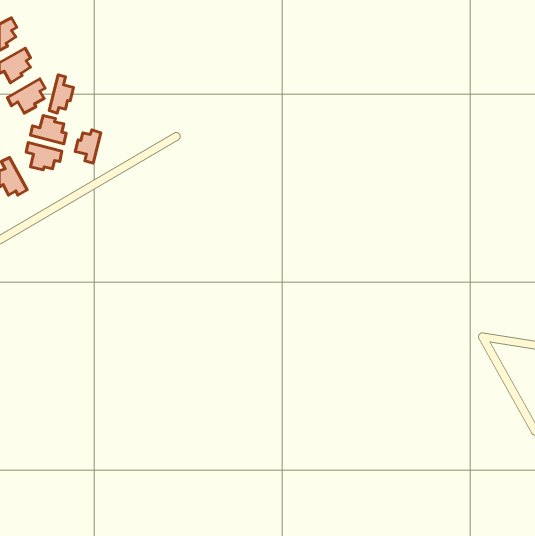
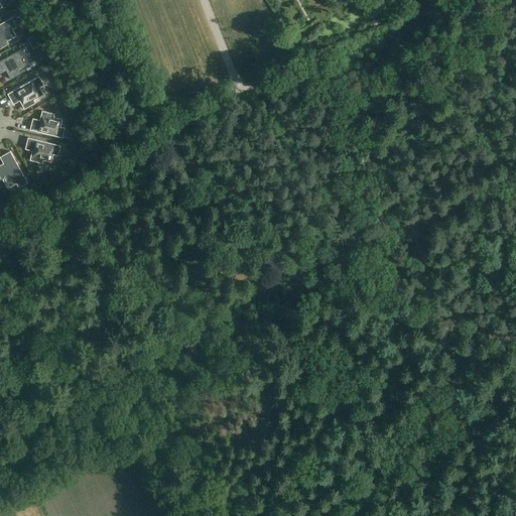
building: [49,75,74,113] -> none
building: [75,130,101,163] -> none

